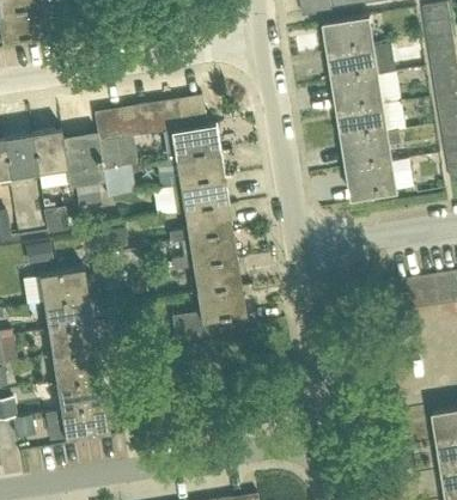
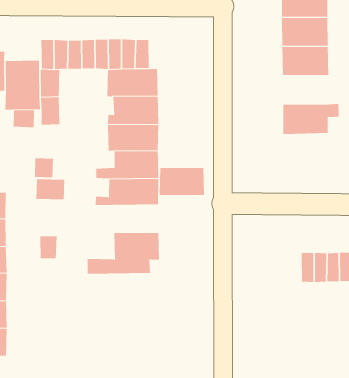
building: [339,105,389,141] -> none
building: [348,163,398,201] -> none
building: [191,260,240,294] -> [159,167,205,195]

